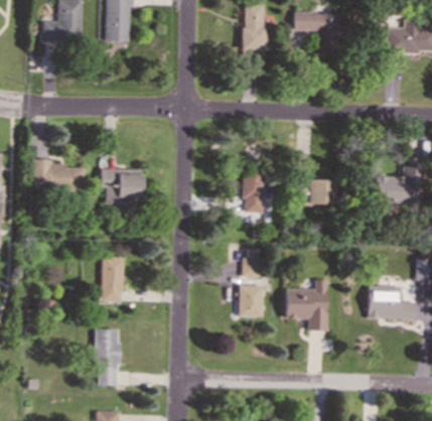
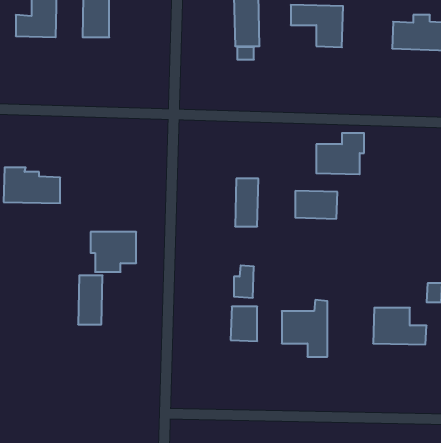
building: [381,166,424,203] -> [316,133,364,174]
building: [102,169,143,205] -> [91,232,136,272]
building: [96,329,120,386] -> none

